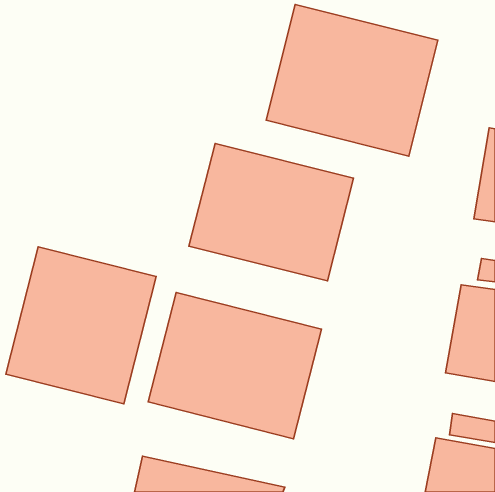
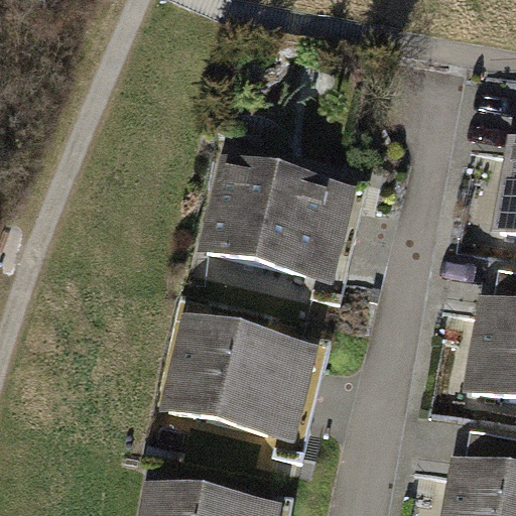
building: [266,4,438,156] -> none
building: [6,247,156,404] -> none

